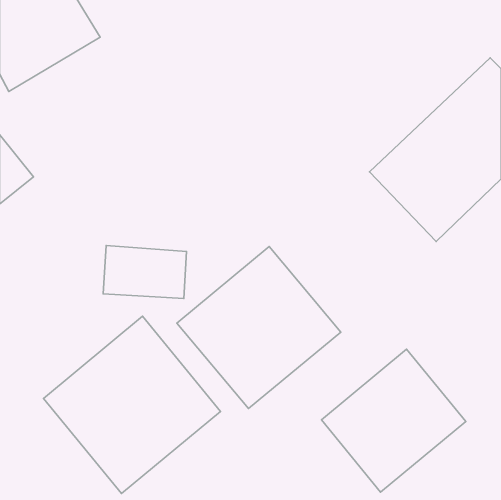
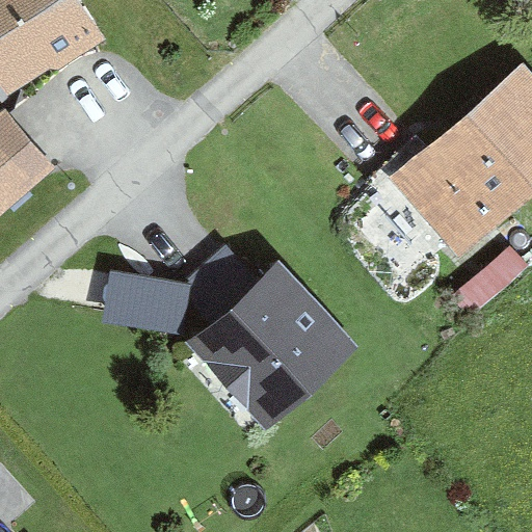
building: [43,316,221,494] -> none
building: [321,349,466,492] -> none

